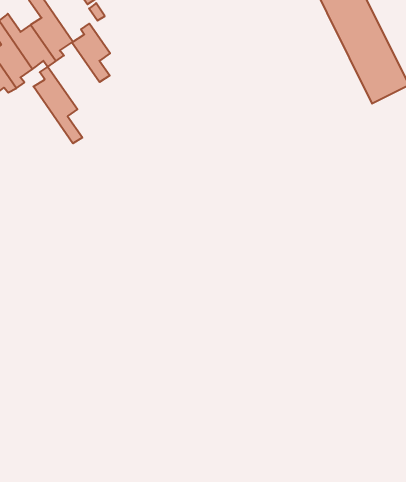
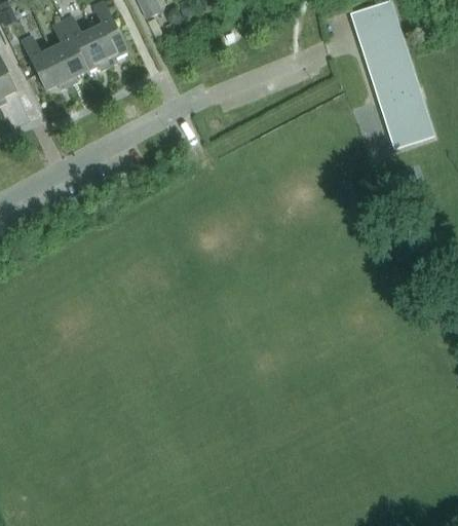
building: [72,24,110,82] -> none
building: [33,67,82,143] -> none

